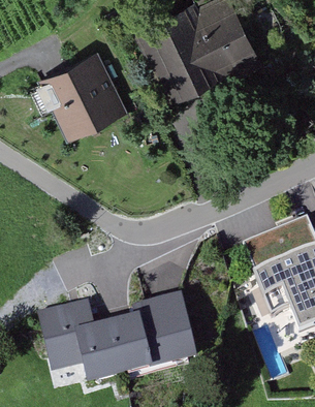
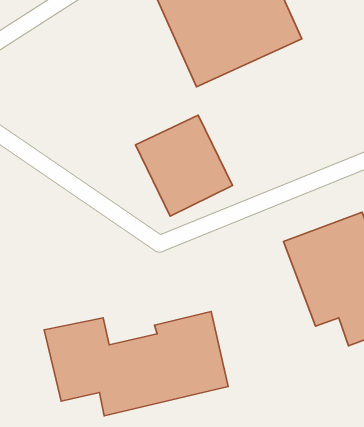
building: [42,55,124,139] -> [136,115,233,216]

